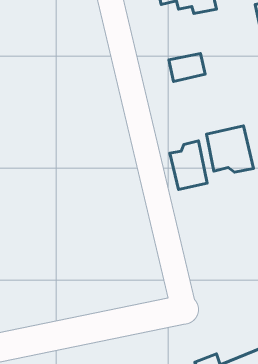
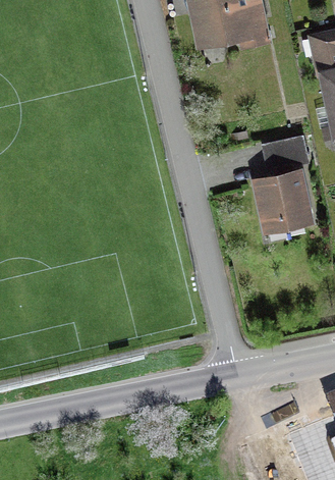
building: [169,53,205,81] -> [265,138,305,169]
building: [170,141,207,189] -> none

